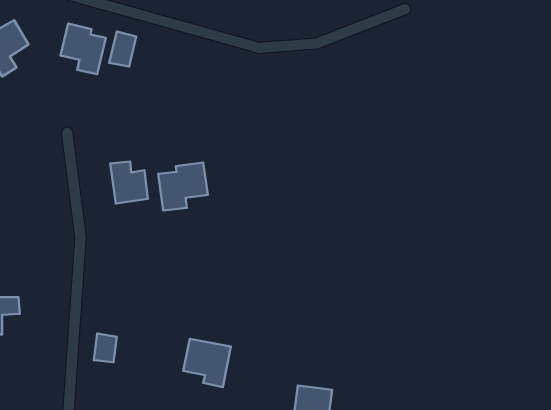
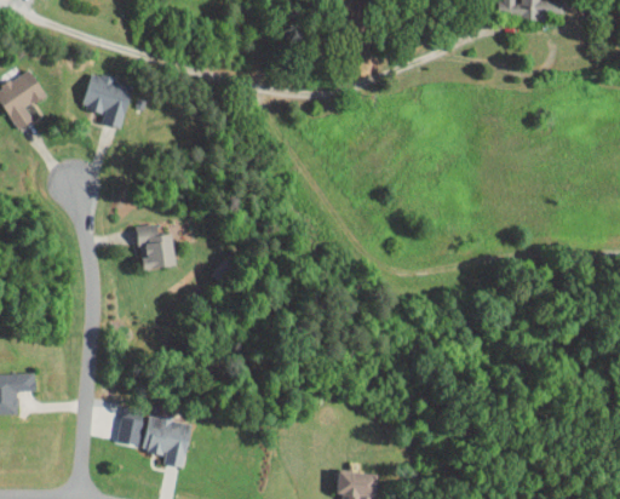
building: [109,31,136,67] -> none
building: [158,163,208,211] -> none
building: [183,339,231,387] -> [139,415,191,469]

